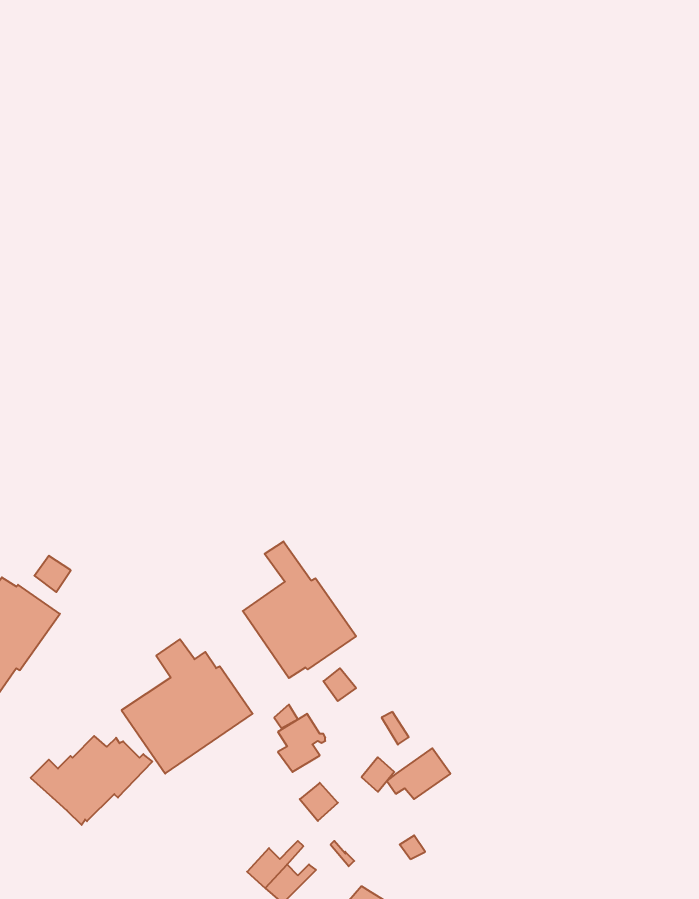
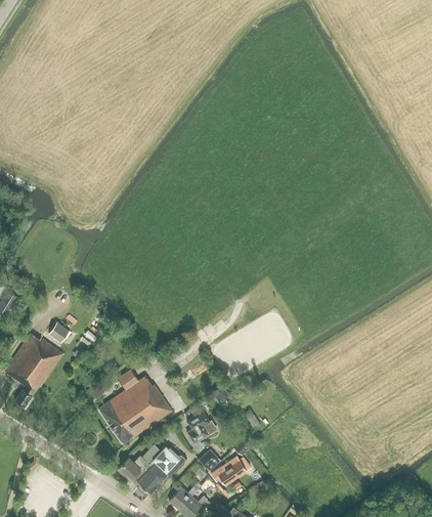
building: [243,541,356,678] -> none
building: [31,736,152,825] -> [118,444,186,494]
building: [387,748,450,799] -> [211,456,247,484]

